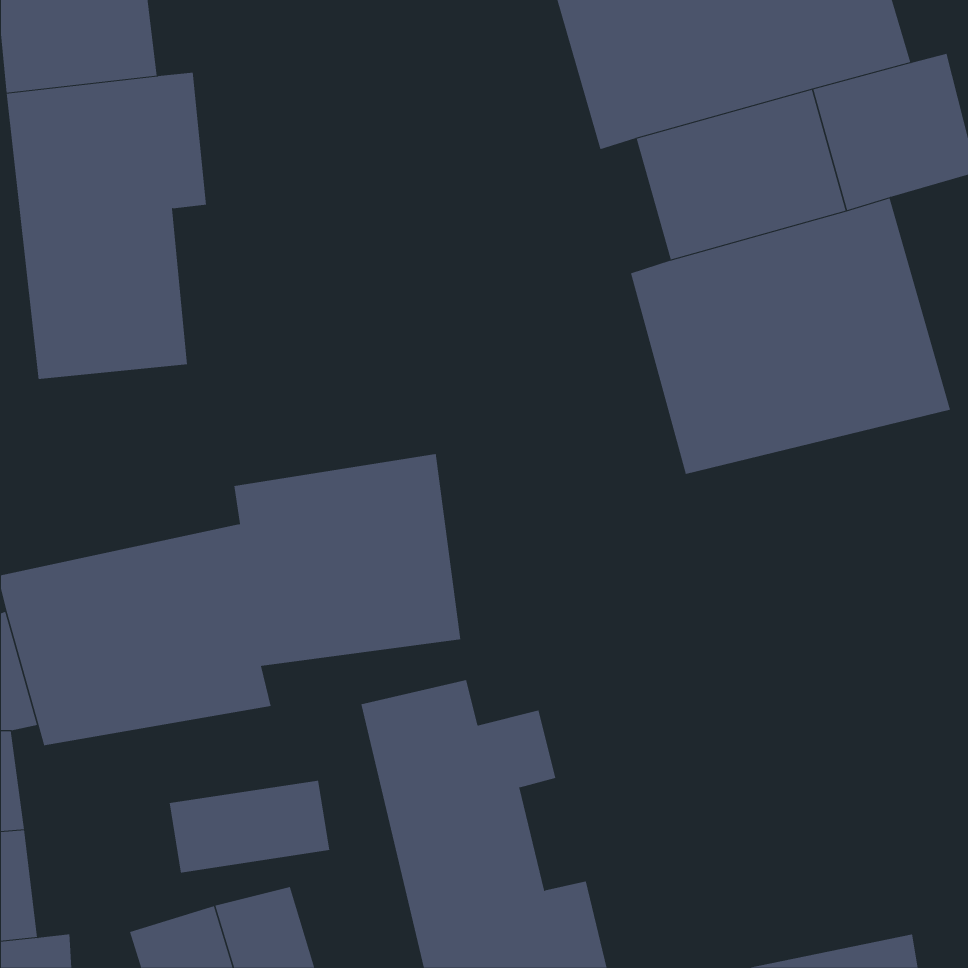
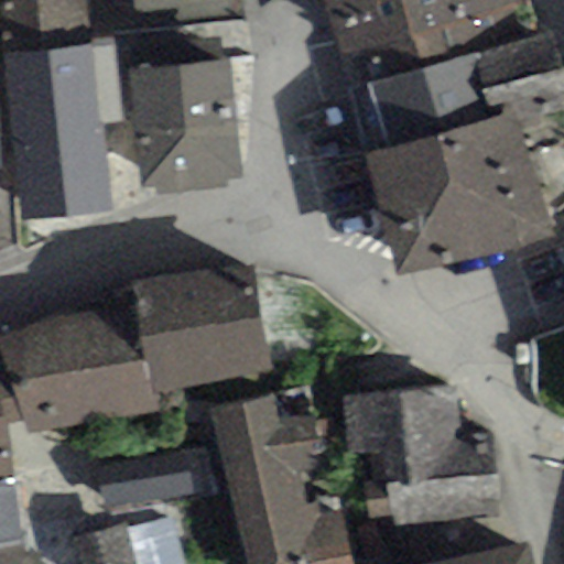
building: none -> [128,59,241,196]
building: none -> [345,388,498,525]

